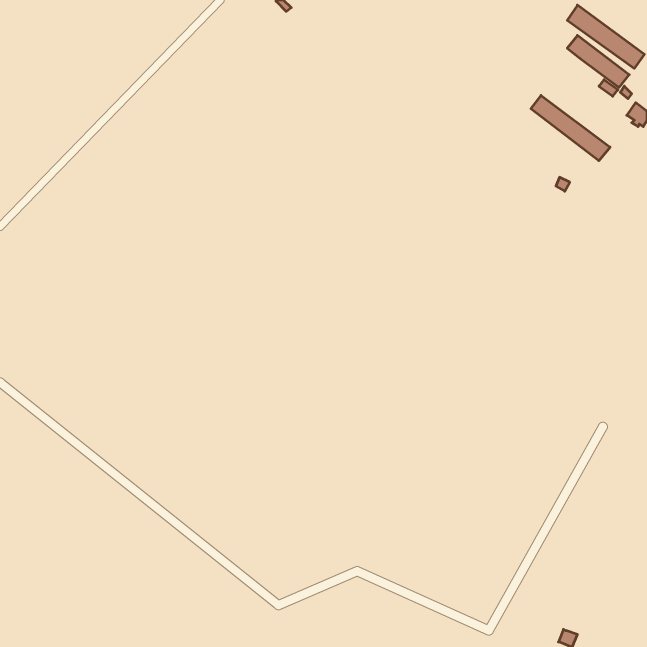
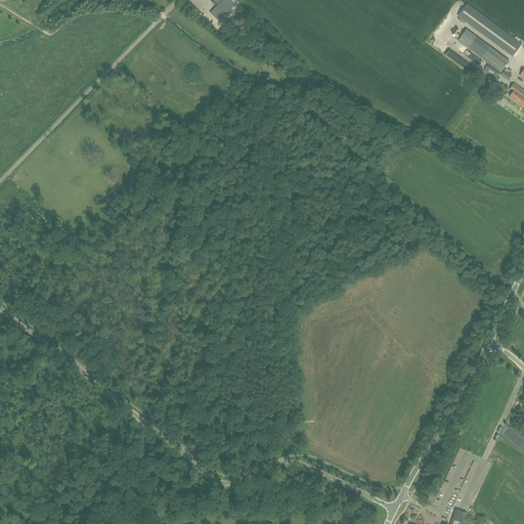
building: [531,95,610,161] -> none

